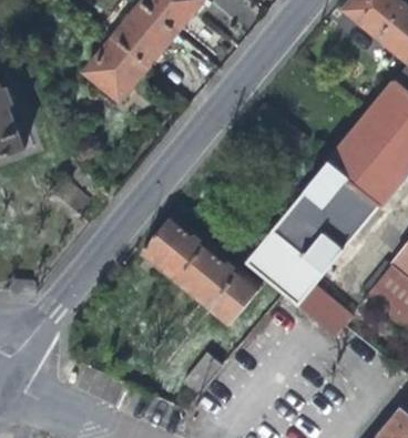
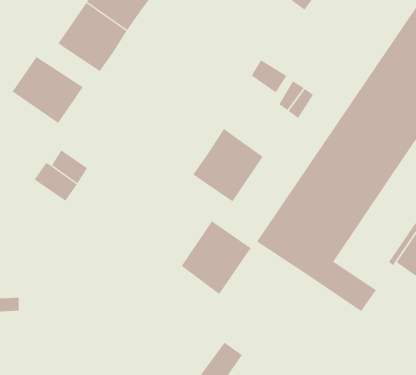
building: none -> [12,56,84,124]
building: [142,212,206,278] -> [193,128,264,202]
building: [207,268,262,325] -> none

